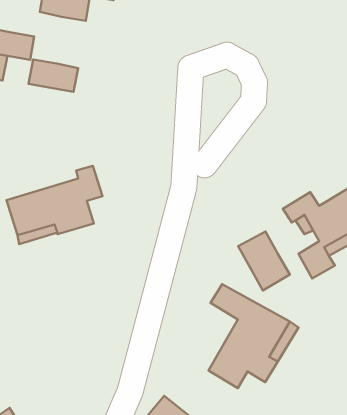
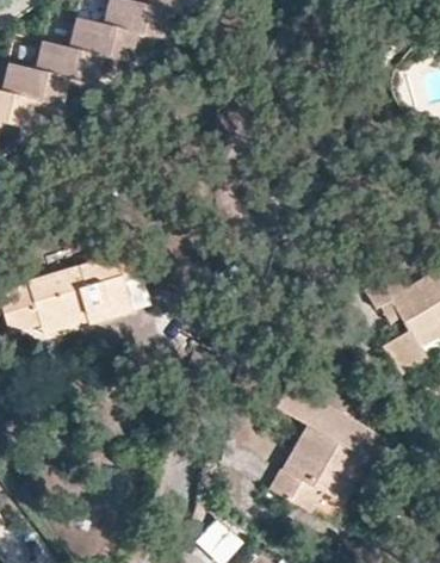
building: [28,59,78,92] -> [26,47,87,86]
building: [238,231,290,290] -> none

